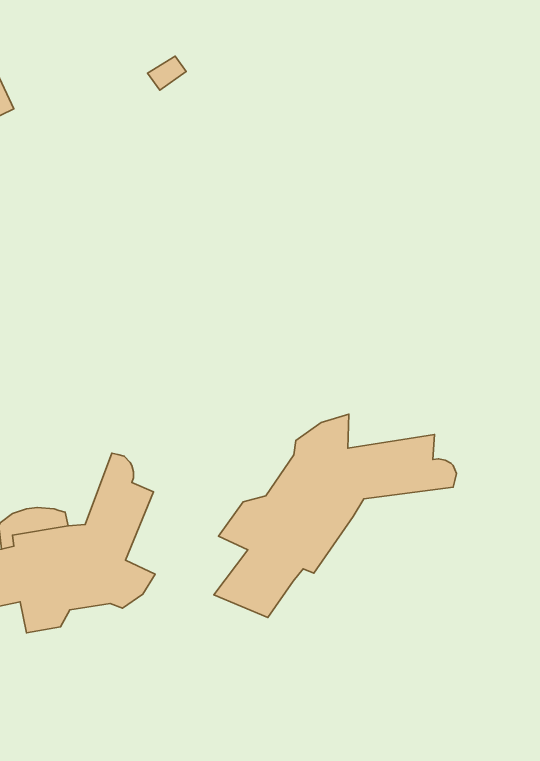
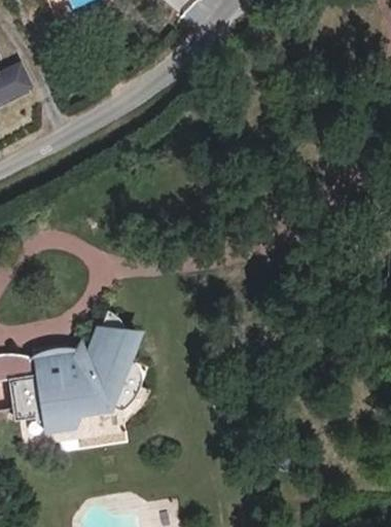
building: [214,414,456,617] -> none

